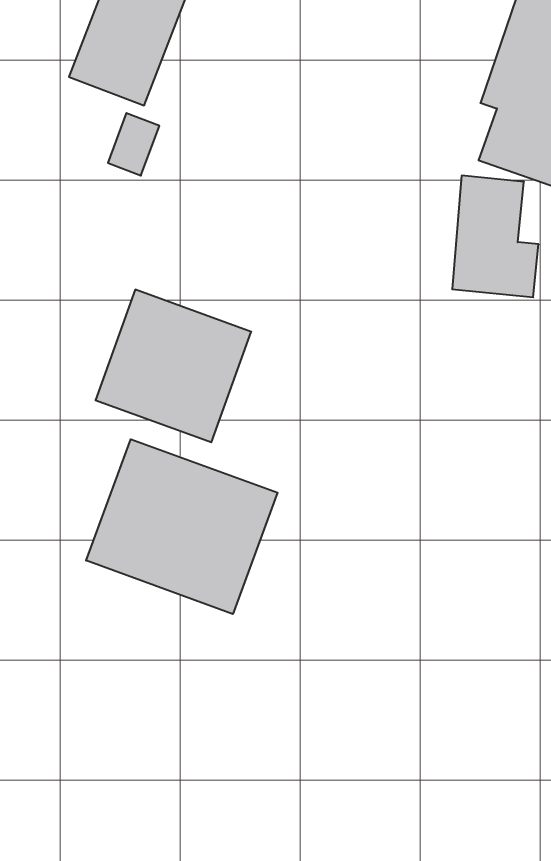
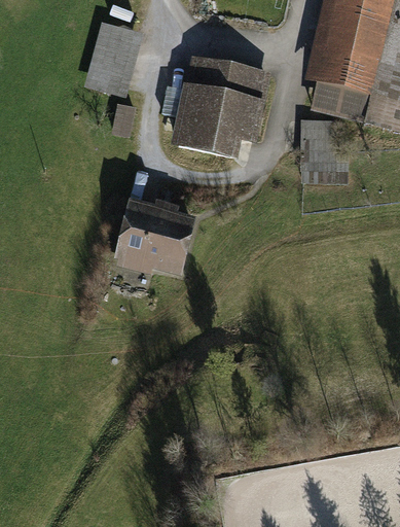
building: none -> [160,58,269,156]
building: [86,439,278,614] -> none

